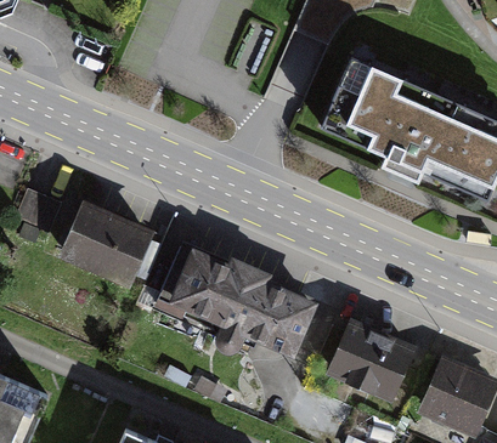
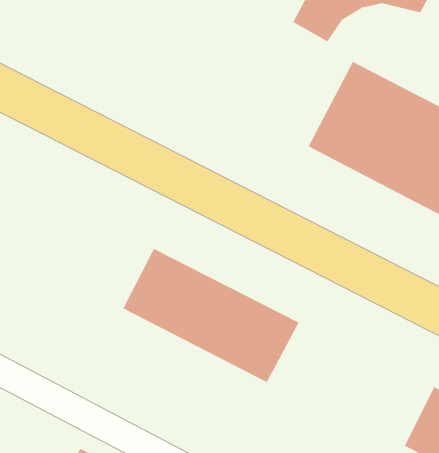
building: [60,197,153,283] -> none
building: [324,313,418,402] -> none

